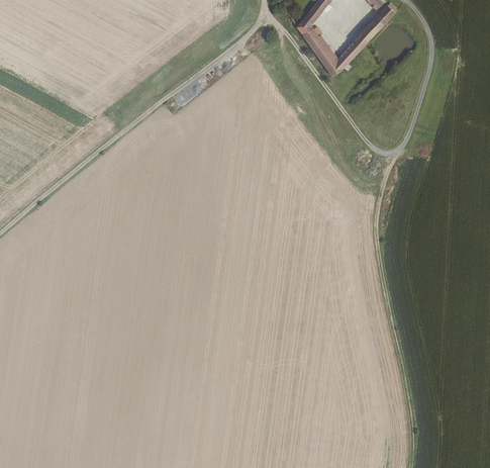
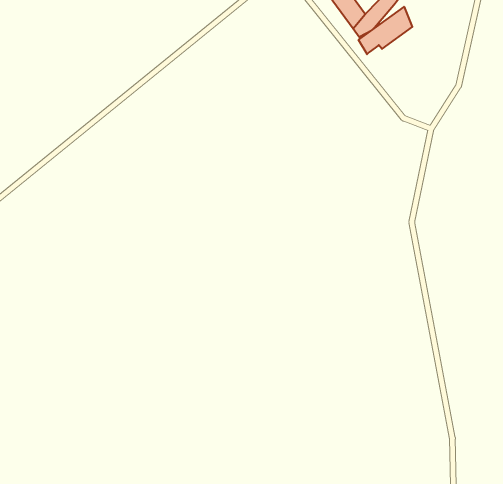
building: none -> [359,7,412,54]

